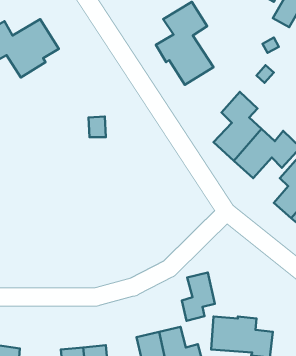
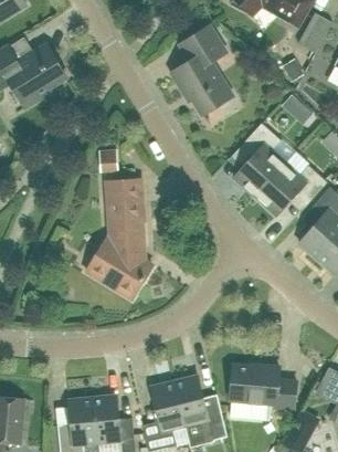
building: none -> [86,179,152,299]
building: [182,272,215,321] -> none

